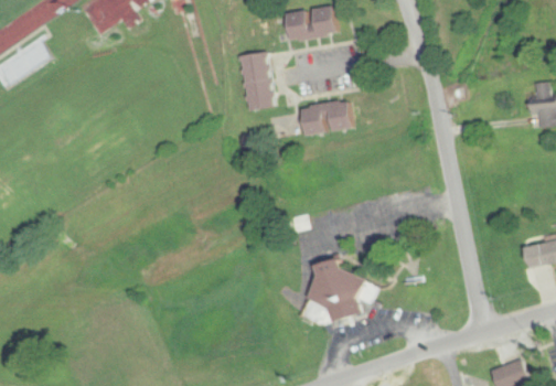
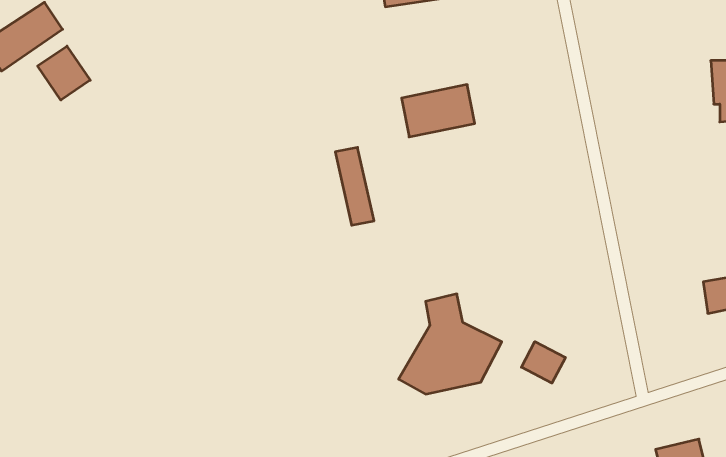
building: [240,53,269,110] -> [335,147,374,225]
building: none -> [38,46,90,100]
building: none -> [521,342,565,383]

